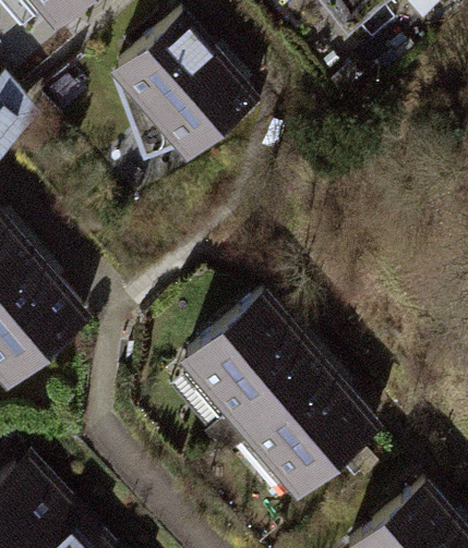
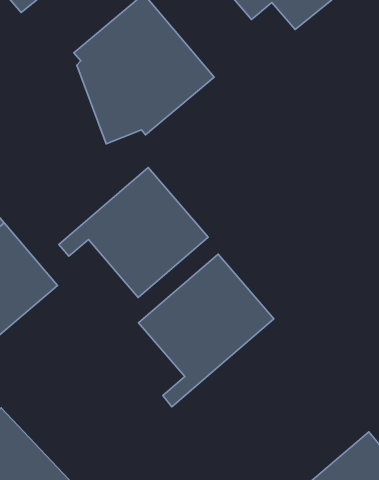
building: none -> [59,168,208,297]
building: [215,357,383,499] -> none

